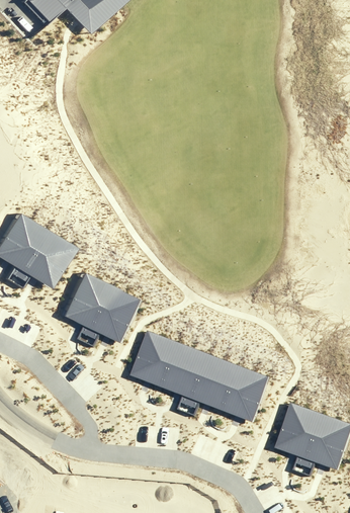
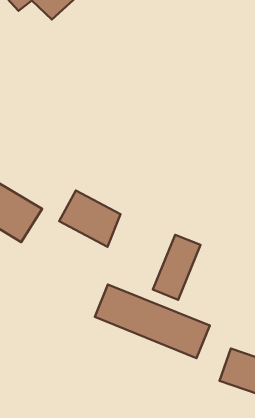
building: [65,276,136,341] -> [59,191,121,247]
building: none -> [153,235,201,300]

